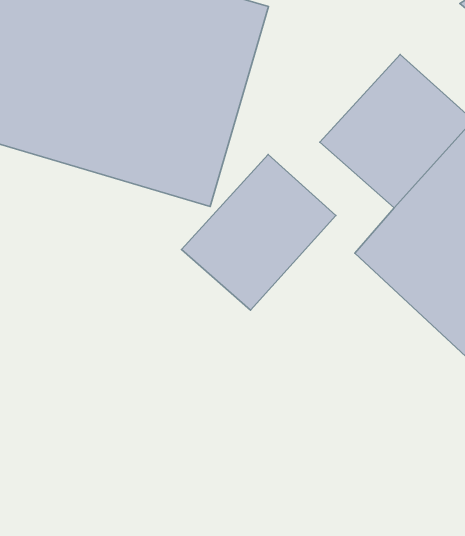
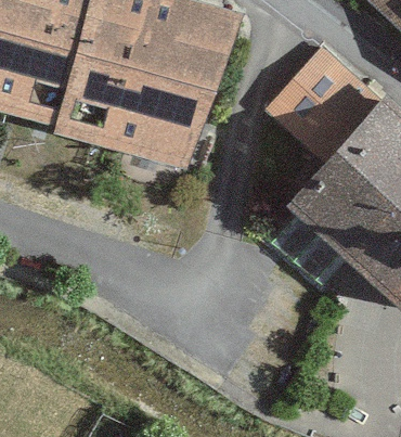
building: [181,154,336,310] -> none

